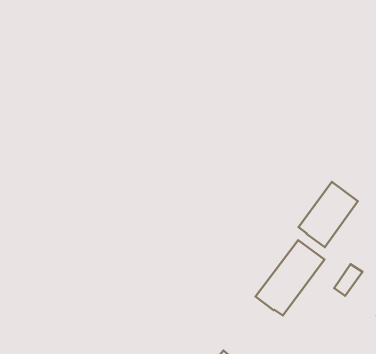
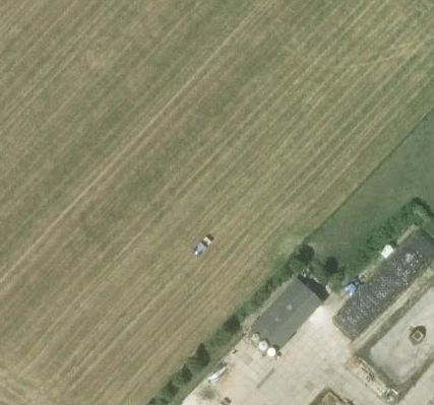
building: [298,182,358,247] -> none

